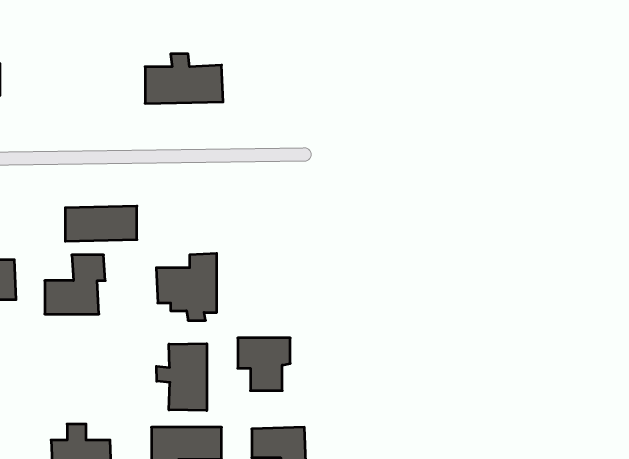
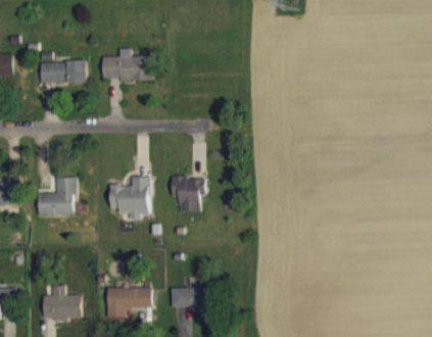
building: [65,206,137,241] -> [41,60,87,83]
building: [238,338,290,391] -> [172,177,205,210]
building: [156,344,207,411] -> none

